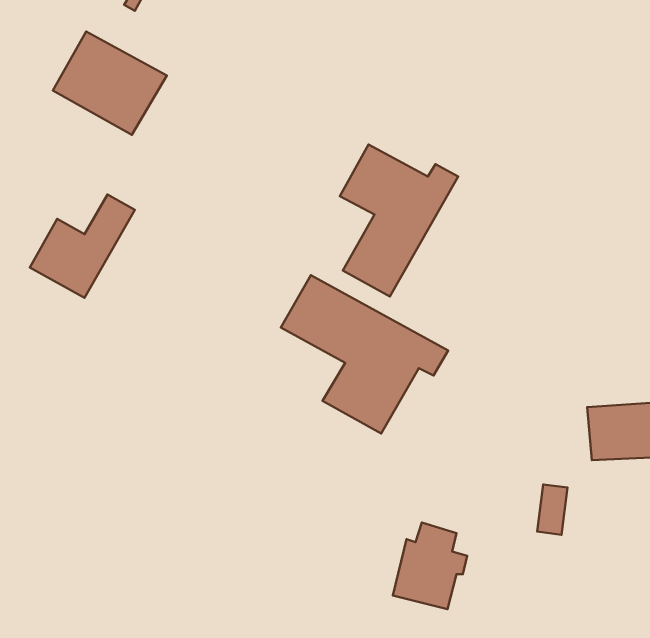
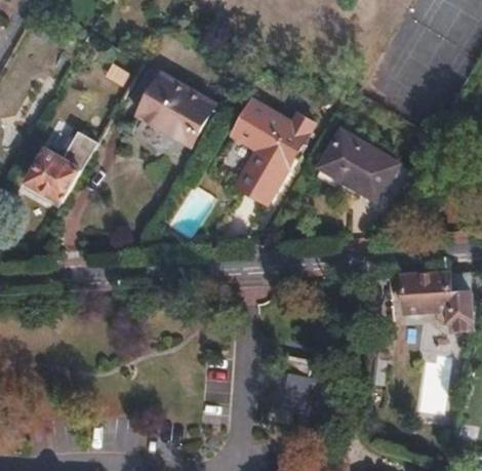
building: [53,31,167,135] -> [136,75,213,145]
building: none -> [320,129,414,207]
building: [281,275,448,433] -> none

